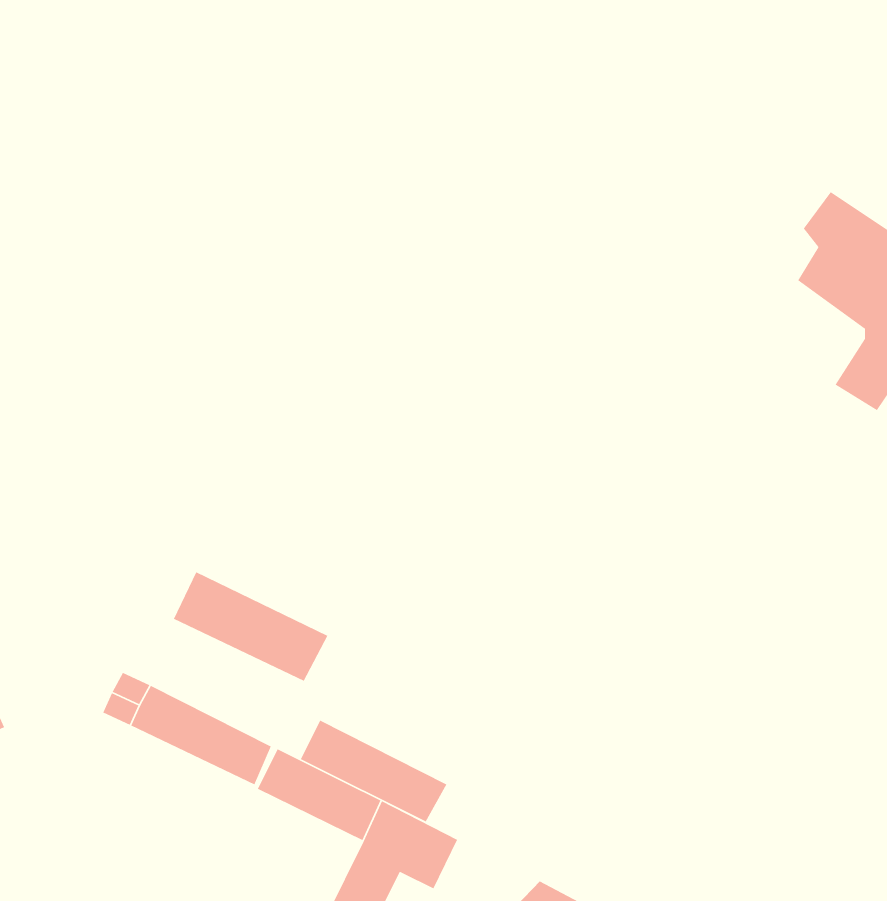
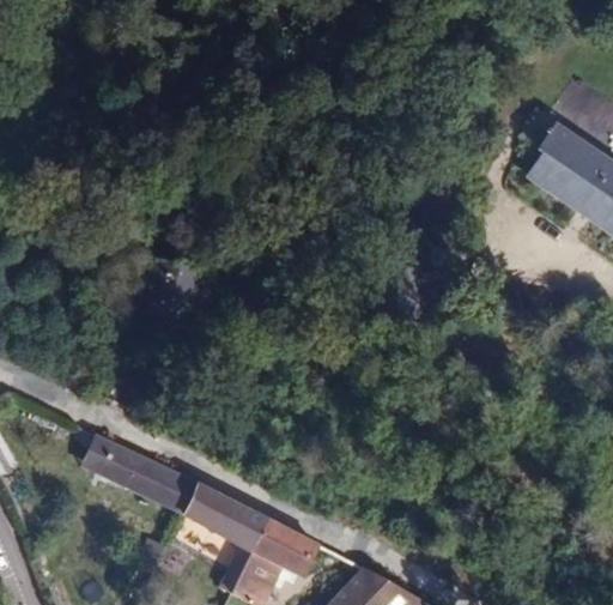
building: [173,571,329,682] -> none
building: [300,719,448,823] -> none

